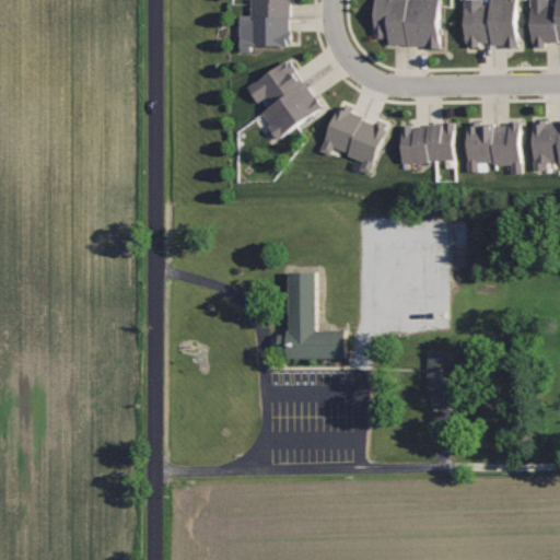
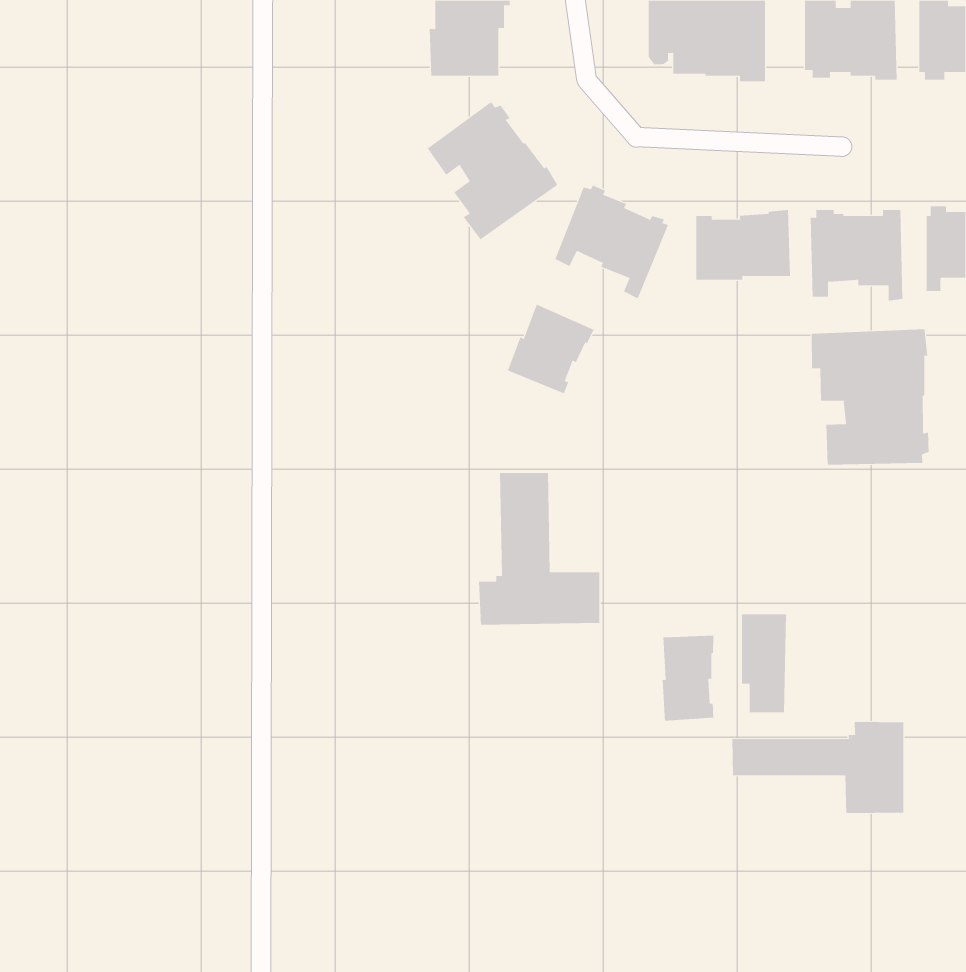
building: none -> [507,304,595,394]
building: none -> [811,329,929,466]
building: none -> [662,635,714,722]
building: none -> [732,721,904,814]

